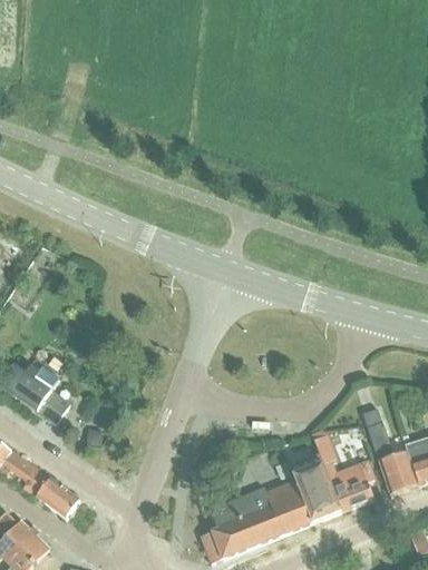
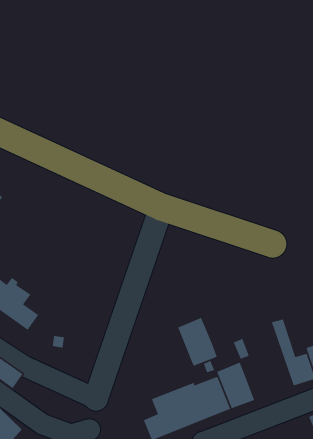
building: none -> [177,317,218,367]
building: [331,473,374,511] -> none
building: [37,478,80,518] -> none

